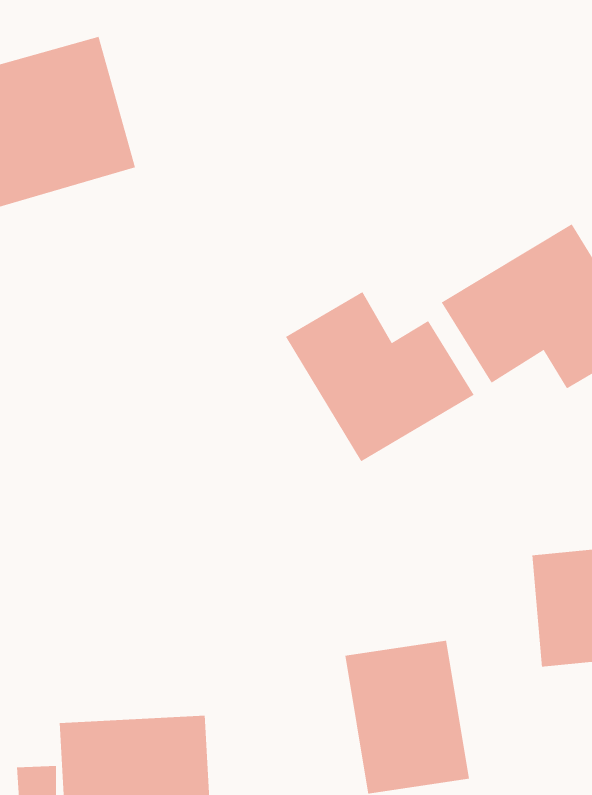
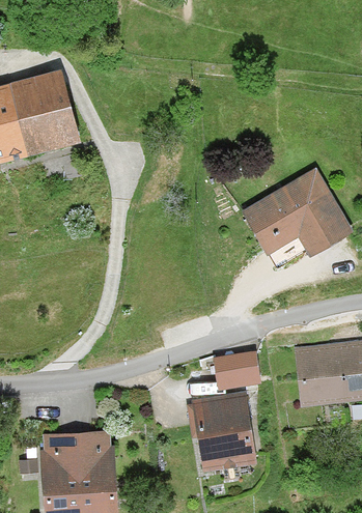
building: [285,291,474,462] -> none
building: none -> [213,351,261,393]

